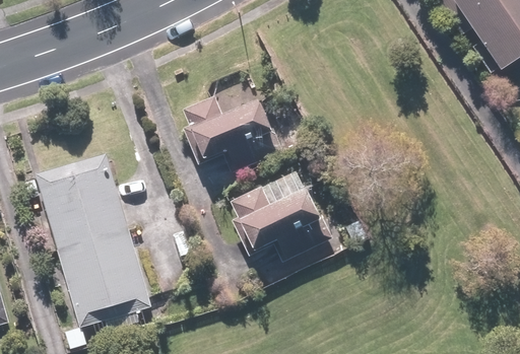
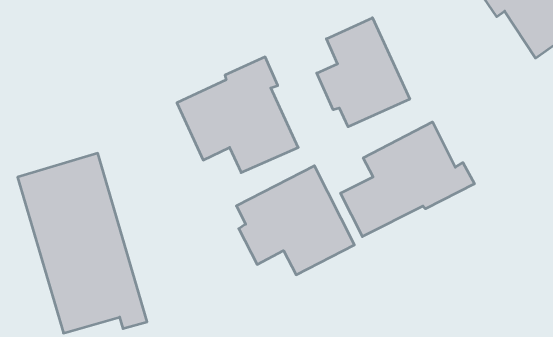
building: none -> [317,18,410,127]
building: none -> [341,122,474,237]

